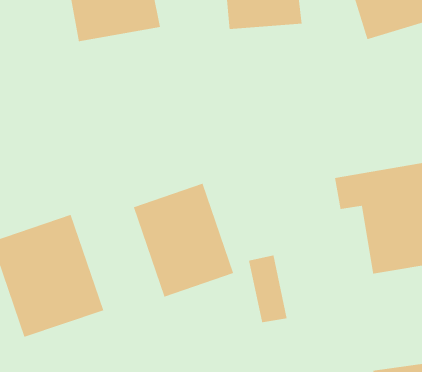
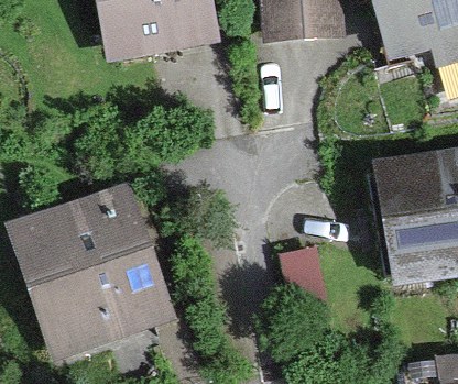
building: [133,183,234,297] -> none

